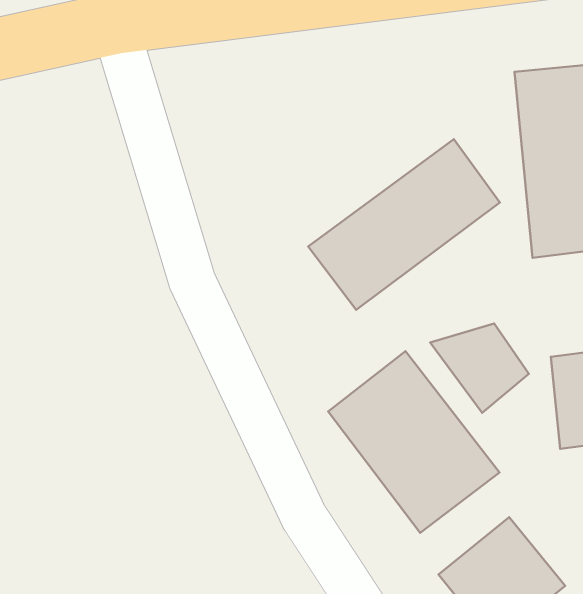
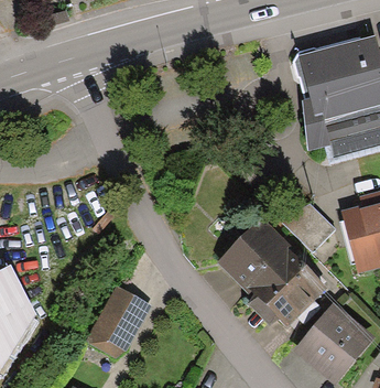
building: [308,139,500,310] -> none
building: none -> [84,282,153,359]

